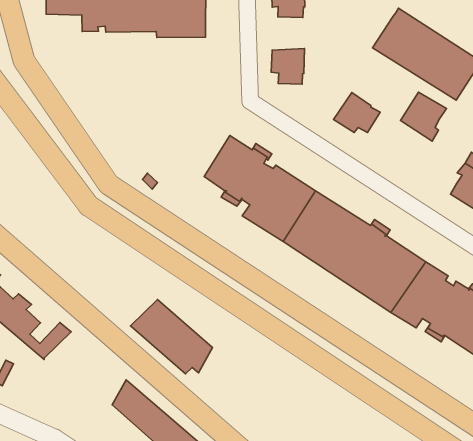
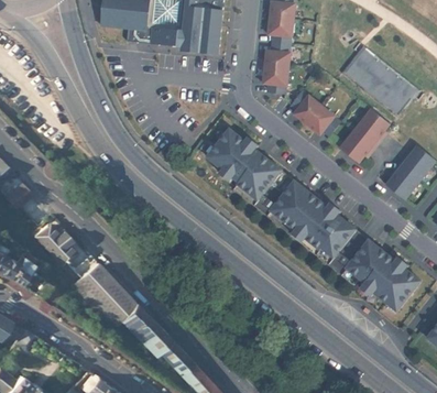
building: none -> [265,42,291,67]
building: none -> [291,89,321,122]
building: none -> [341,128,378,162]
building: [130,300,212,374] -> [74,261,133,318]

